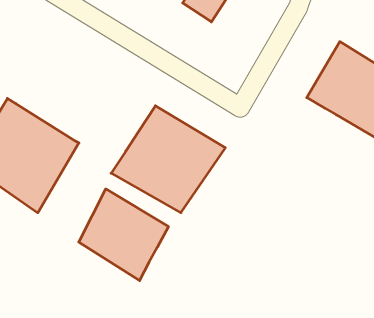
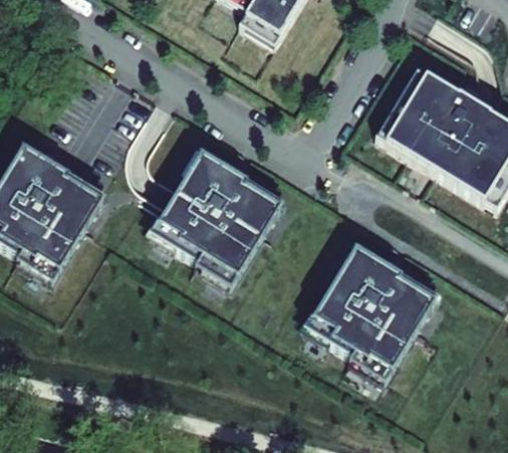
building: none -> [306,245,444,378]
building: [79,189,168,281] -> none

